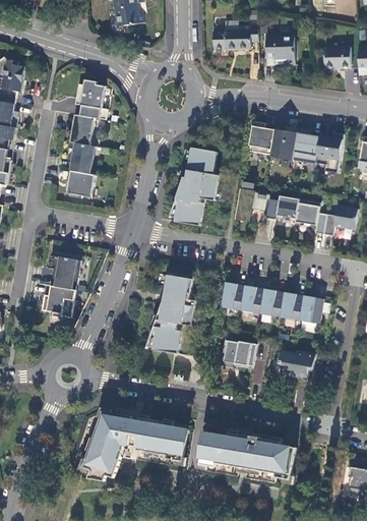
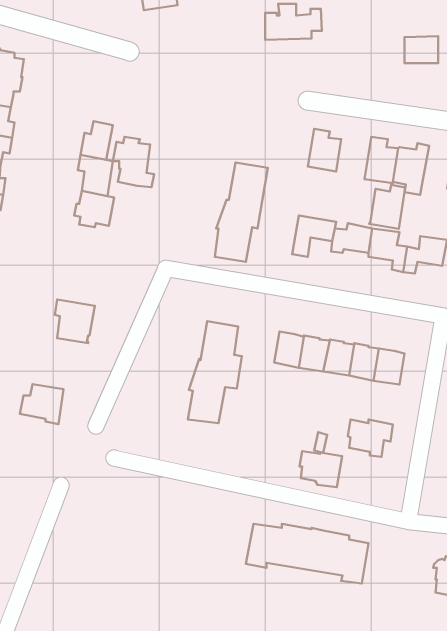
building: [265,38,294,66] -> none
building: [74,79,107,119] -> [113,137,154,187]
building: [268,126,297,161] -> [369,185,405,229]
building: [40,286,74,317] -> [20,384,64,424]
building: [222,340,255,368] -> [300,451,342,487]
building: [82,411,187,481] -> none

